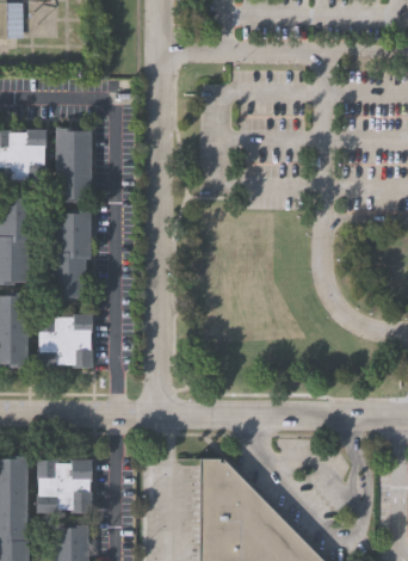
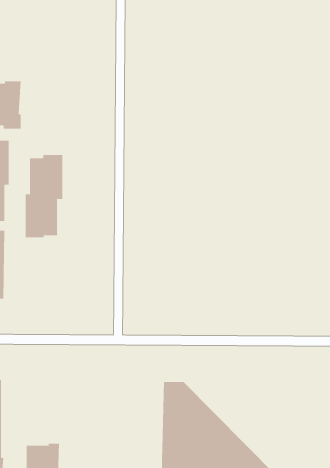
building: [56,129,93,203] -> none
building: [38,314,94,368] -> none
building: [33,460,91,513] -> none

